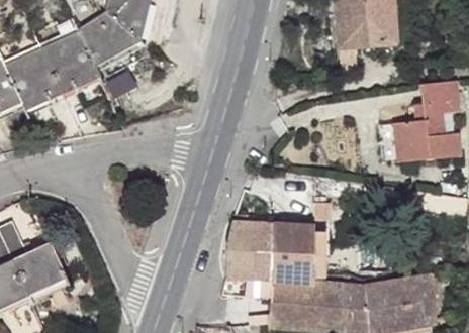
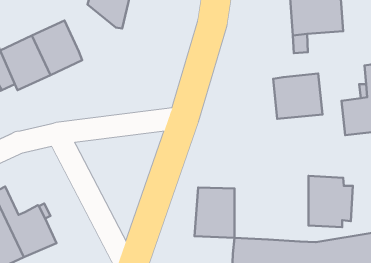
building: [78,12,136,66] -> none
building: none -> [273,74,322,119]
building: [272,222,322,281] -> [309,176,353,227]

